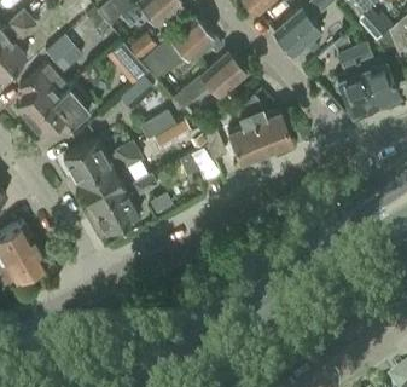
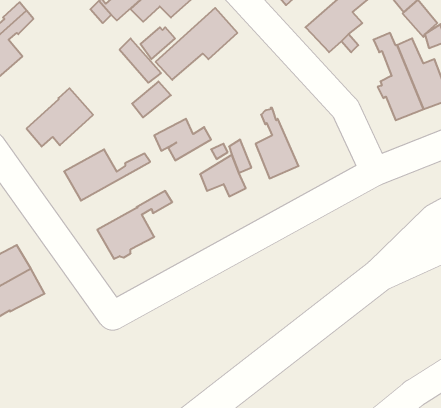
building: [43,33,82,71] -> none
building: [173,51,245,110] -> none
building: [16,63,66,120] -> none
building: [243,94,291,152] -> none
building: [76,149,141,208] -> none

